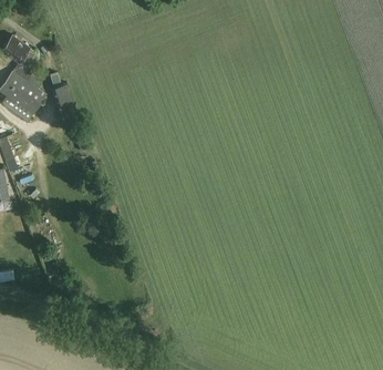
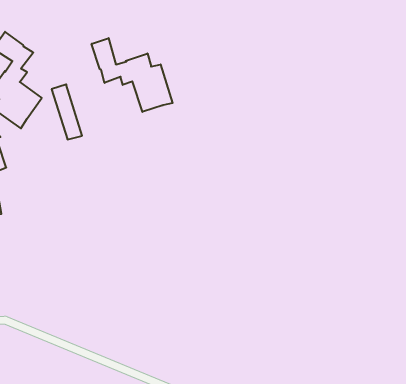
building: none -> [92,38,173,112]

